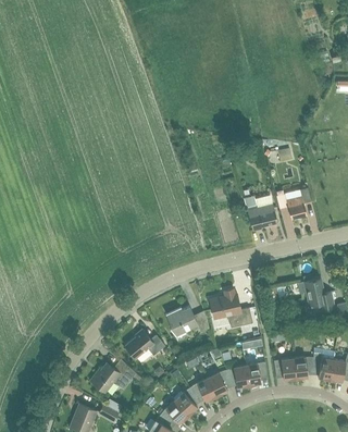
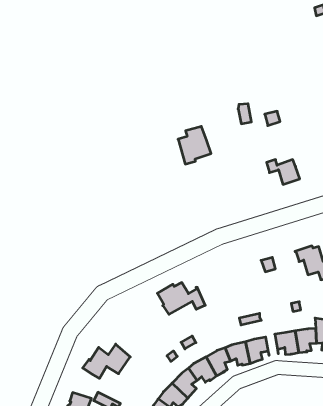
building: [247,195,277,230] -> [178,126,211,164]
building: [209,287,252,326] -> none
building: [125,328,165,357] -> none

